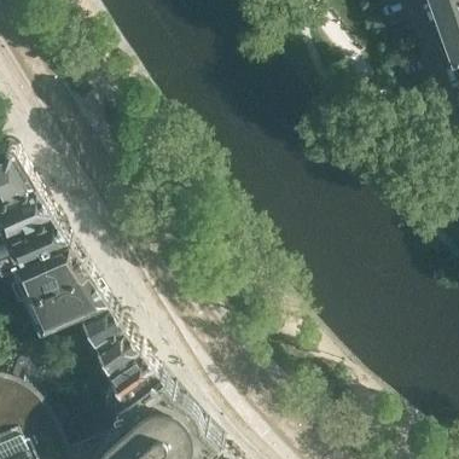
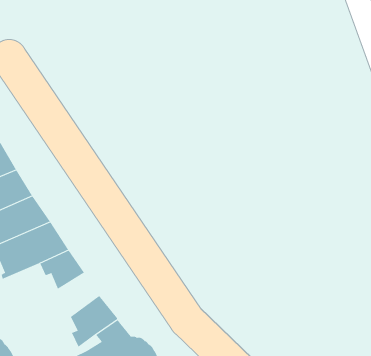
building: [98,333,143,384] -> none

